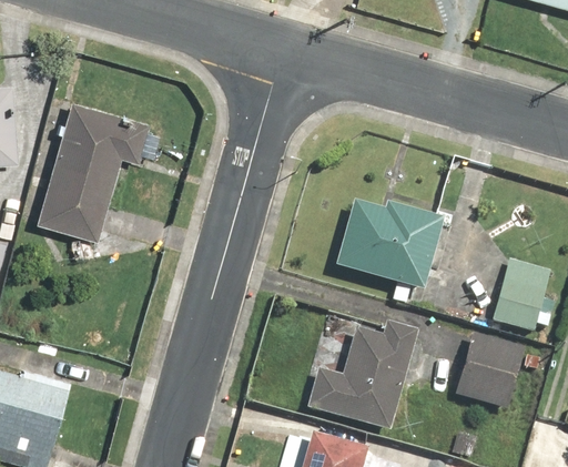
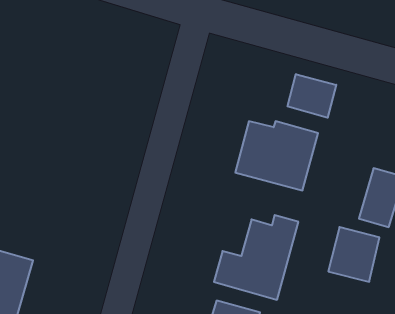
building: [38,100,150,238] -> none
building: none -> [288,74,336,118]

